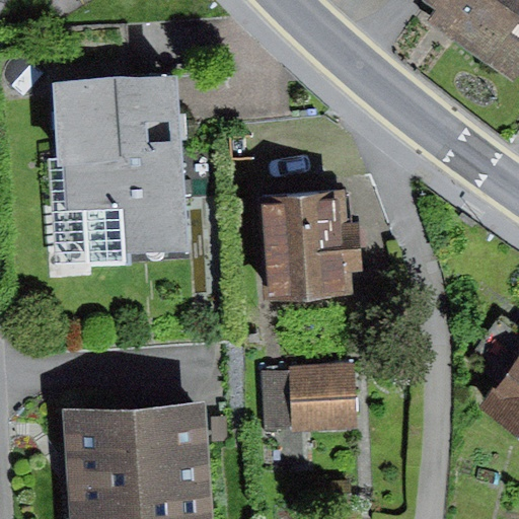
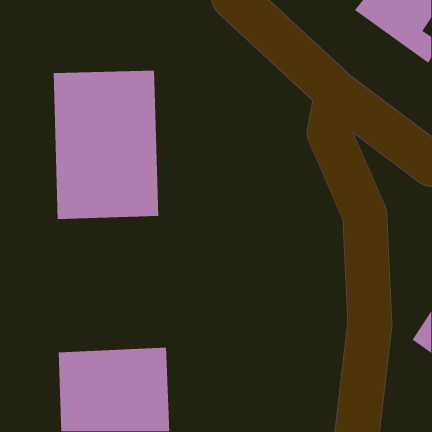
building: [255,194,362,299] -> none
building: [261,363,357,427] -> none

